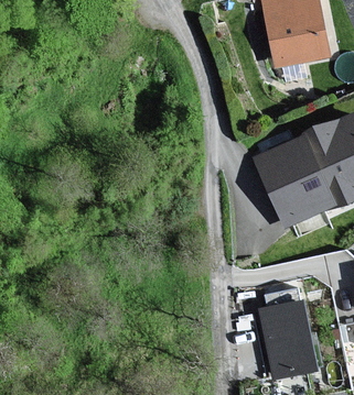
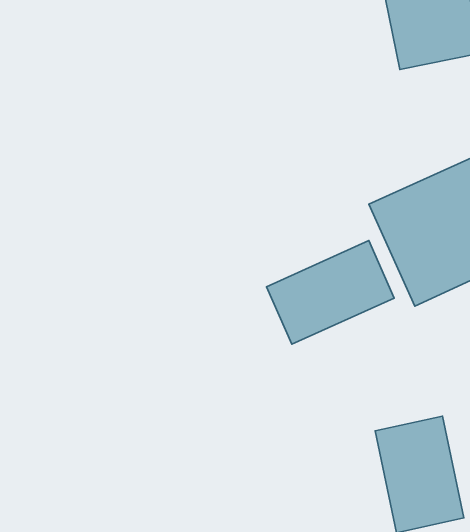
building: none -> [267,241,394,344]

